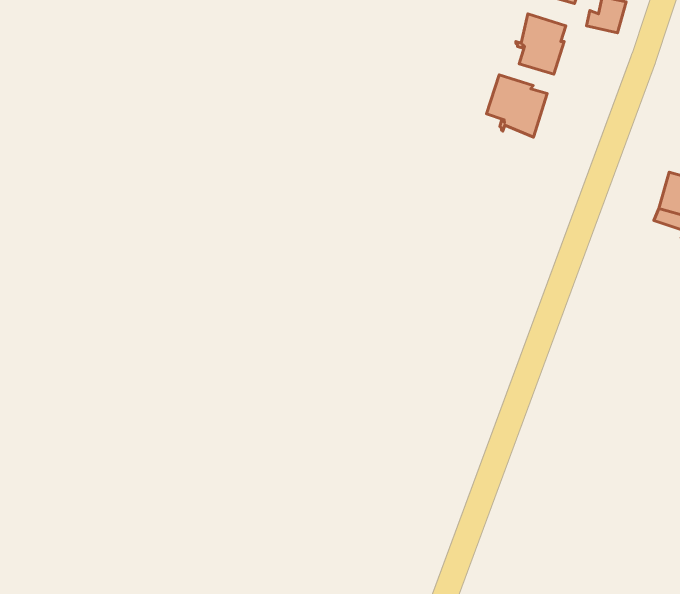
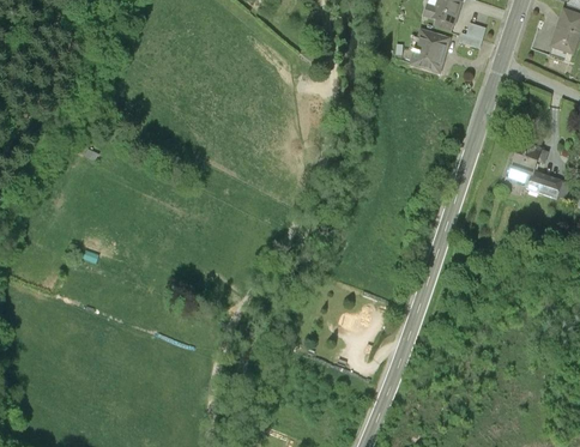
building: [486,75,547,137] -> none

